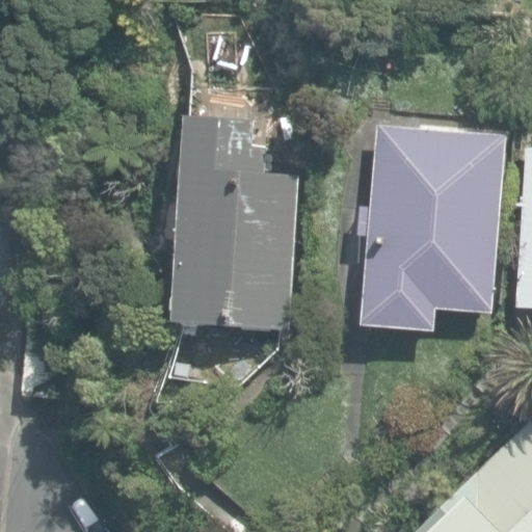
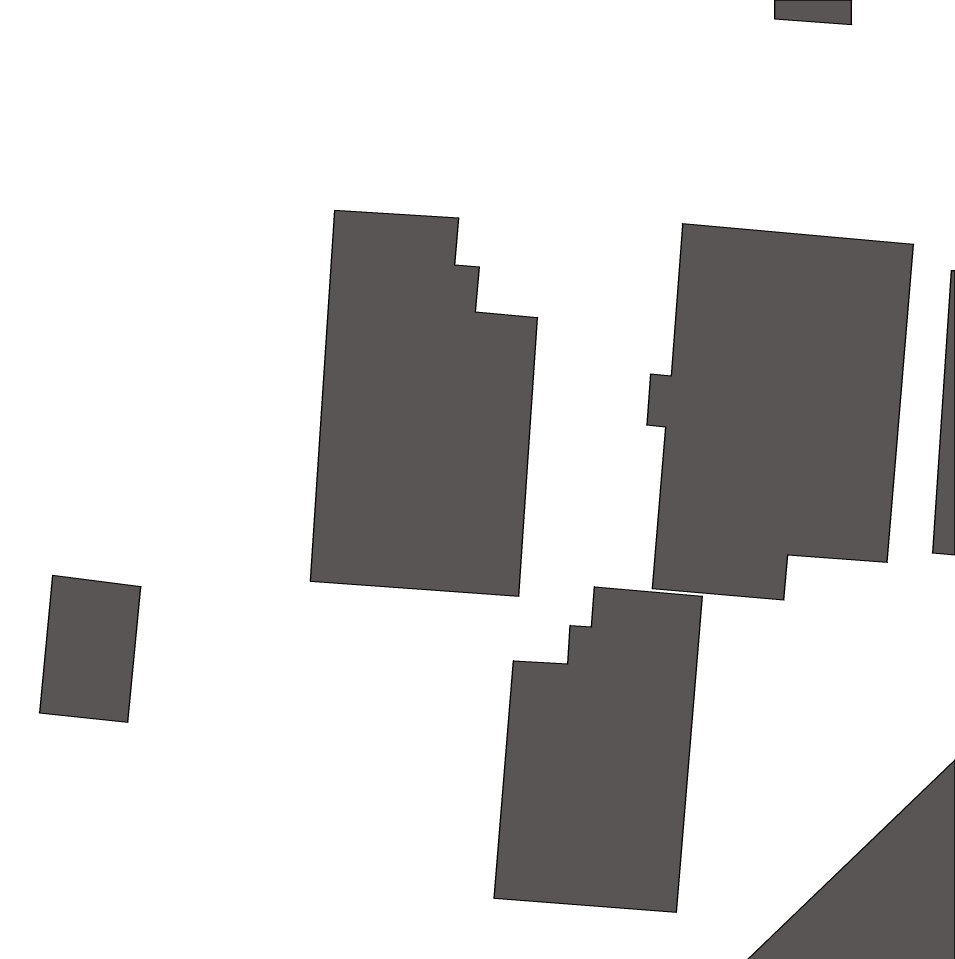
building: none -> [494,587,702,912]

